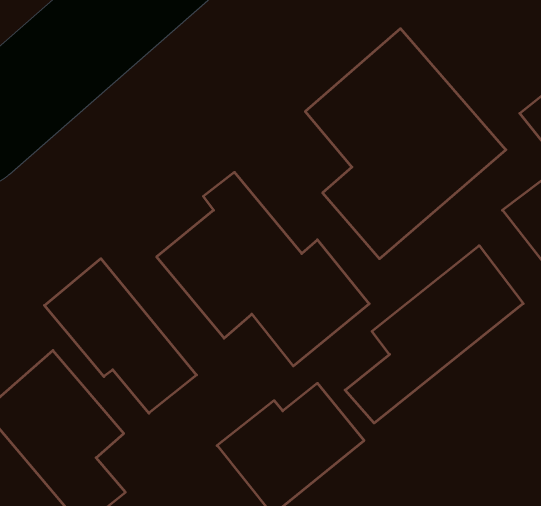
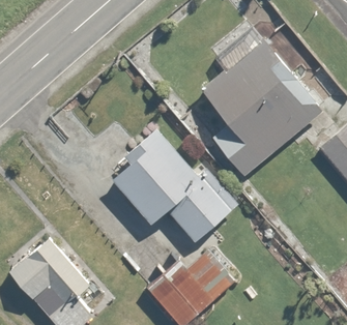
building: [345,246,523,423] -> none
building: [44,259,197,413] -> none

